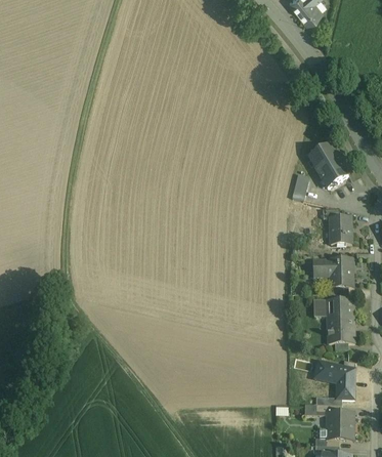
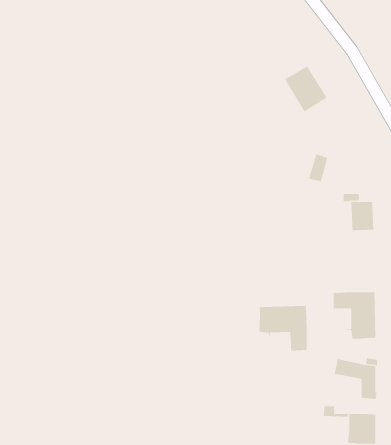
building: [308,144,348,188] -> [284,65,328,112]
building: [312,258,352,288] -> none
building: none -> [259,304,308,351]

